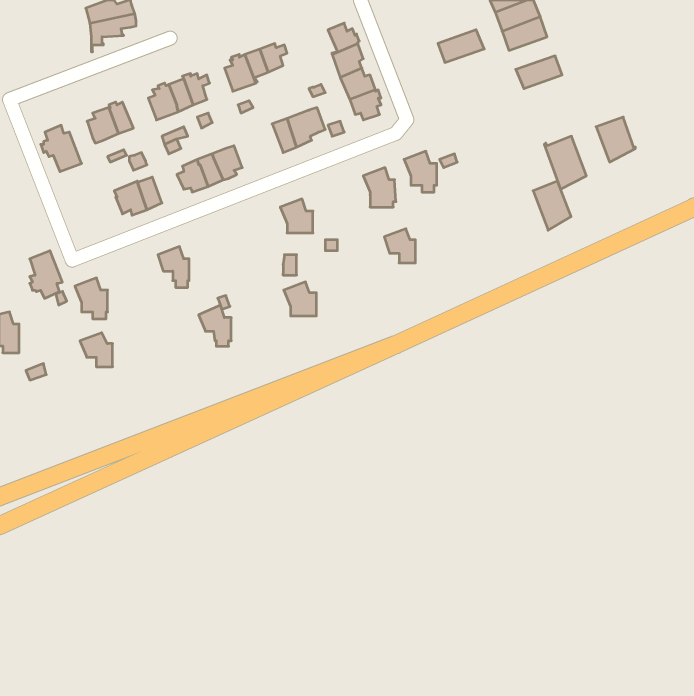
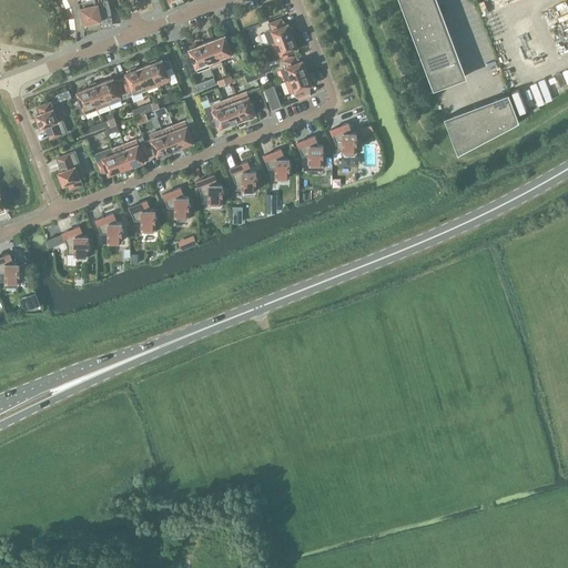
building: [438,30,484,62] -> [415,30,453,57]
building: none -> [427,61,464,90]
building: none -> [100,79,128,104]
building: none -> [203,101,231,129]
building: none -> [124,138,150,168]
building: [533,181,571,230] -> [466,103,497,143]
building: [384,229,415,263] -> [263,150,288,178]
building: [30,251,62,298] -> [57,152,83,191]
building: [284,282,316,316] -> [195,175,222,203]
building: [199,305,231,346] -> [162,187,189,221]
building: [80,333,113,367] -> [94,214,121,242]

